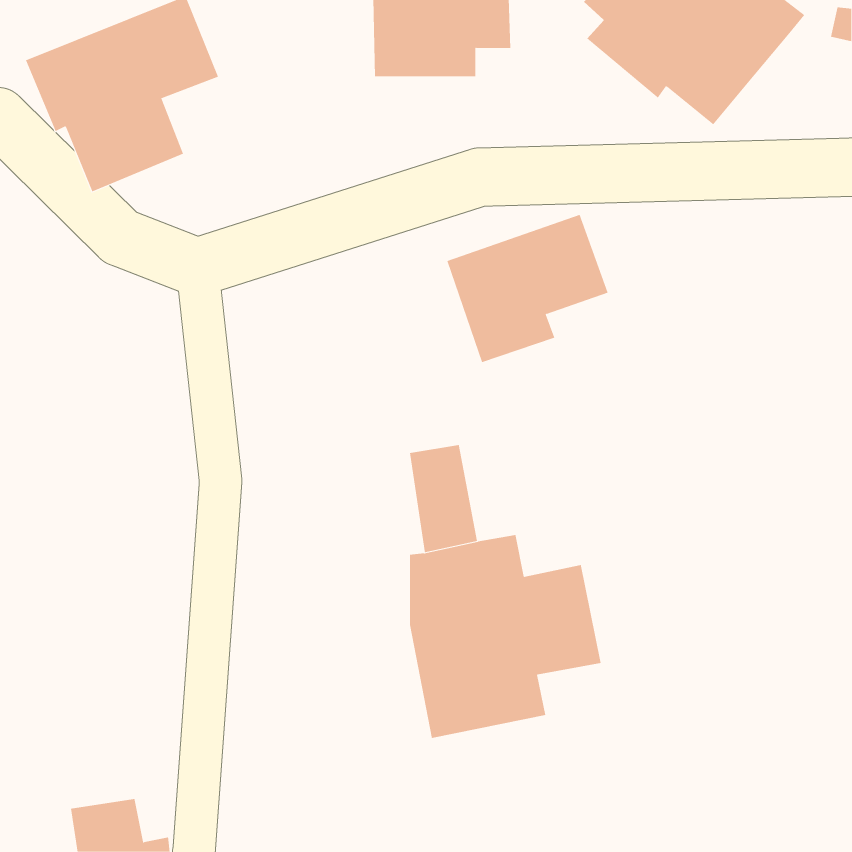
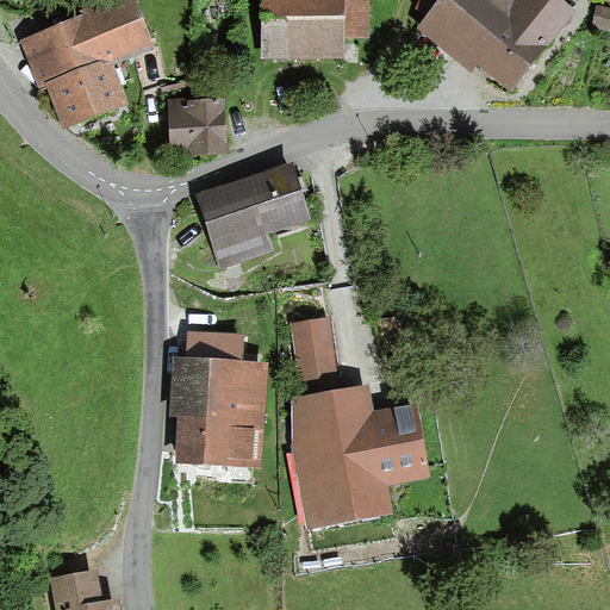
building: none -> [172,108,223,154]
building: [446,214,608,363] -> [194,161,310,267]
building: none -> [168,332,266,473]

